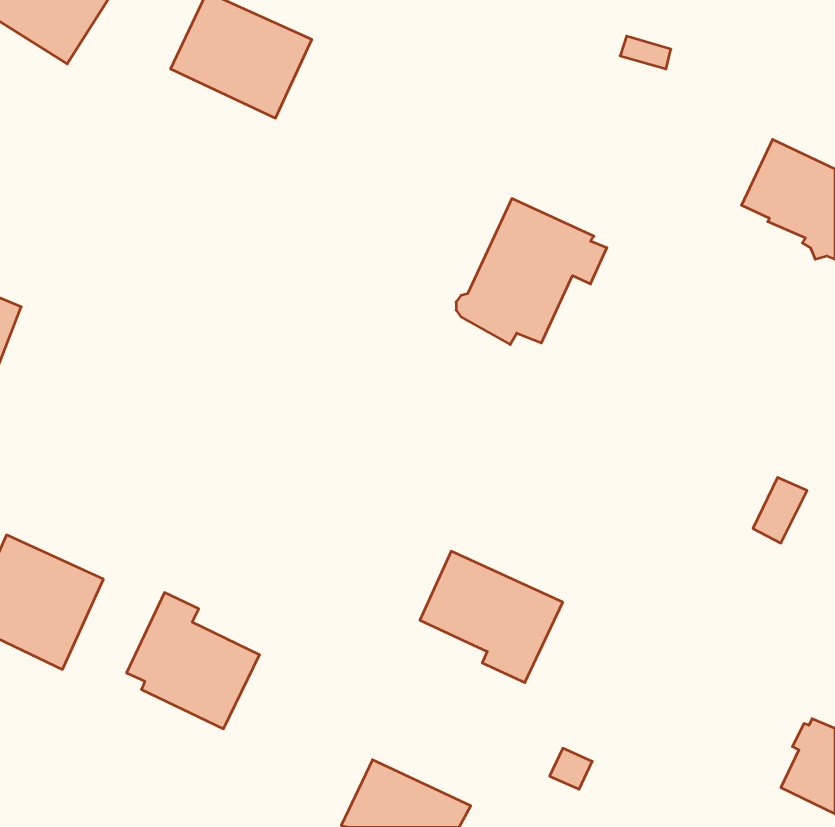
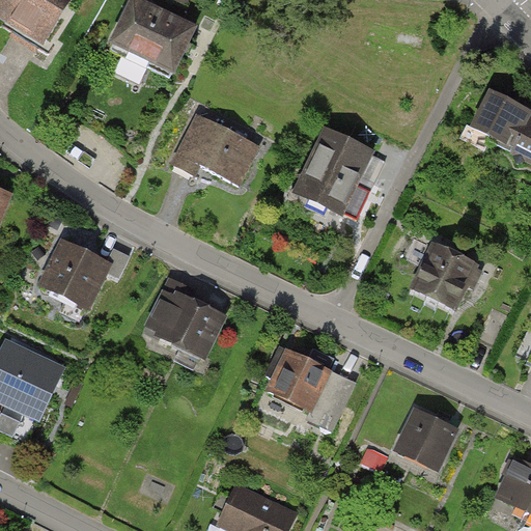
building: none -> [169,111,261,186]
building: none -> [37,237,113,311]
building: none -> [408,241,478,311]
building: [127,593,260,729] -> [144,276,228,362]
building: none -> [393,407,459,473]

